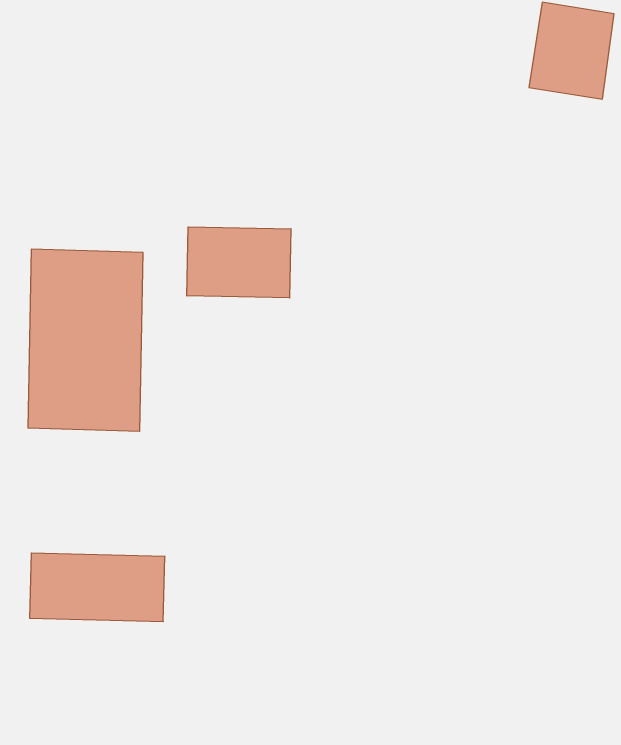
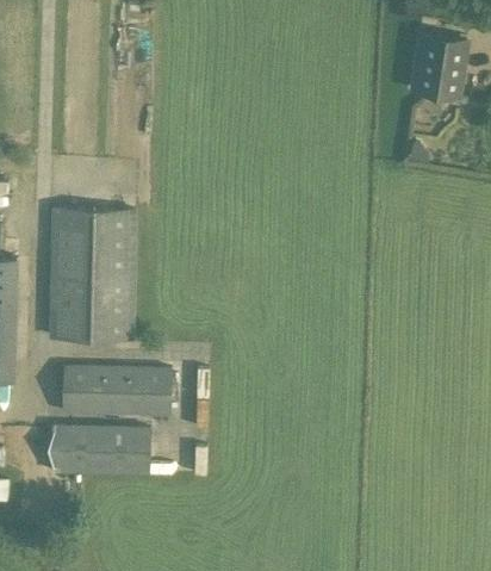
building: [187,227,291,298] -> none
building: none -> [62,365,170,414]

